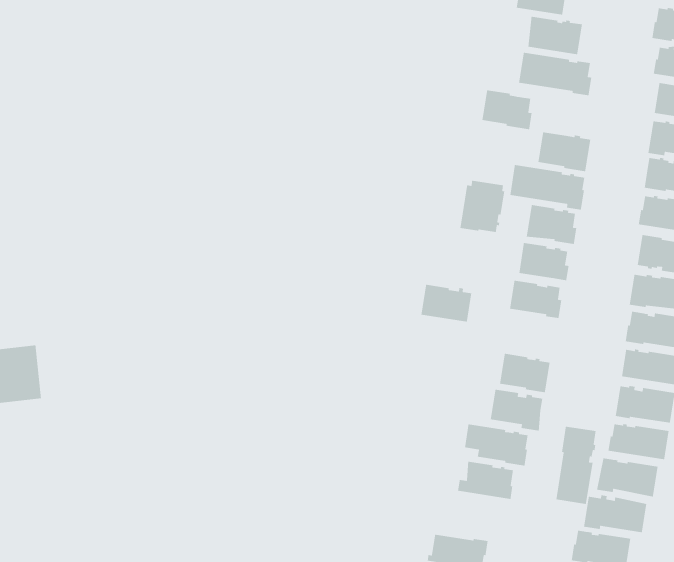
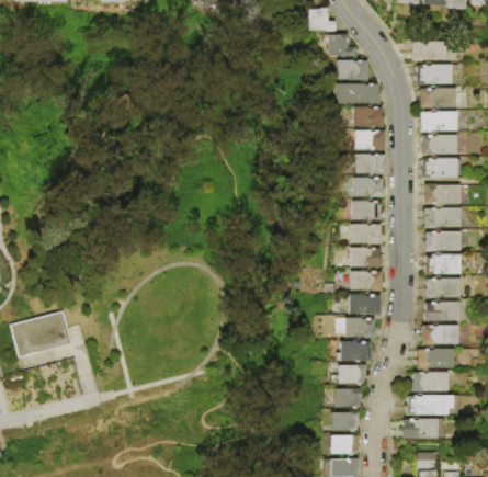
building: [482,89,533,130] -> [353,105,384,126]
building: [459,180,505,233] -> none
building: [421,284,472,322] -> [351,246,381,266]
building: [555,426,597,505] -> none
building: none -> [338,363,366,384]

